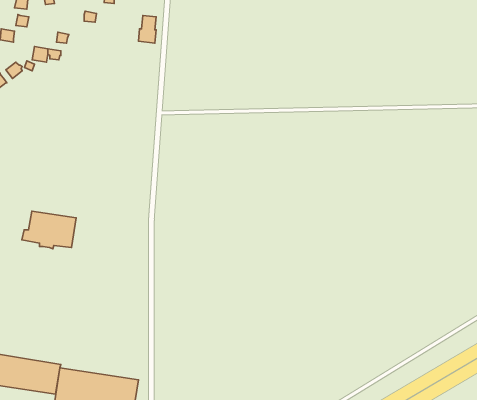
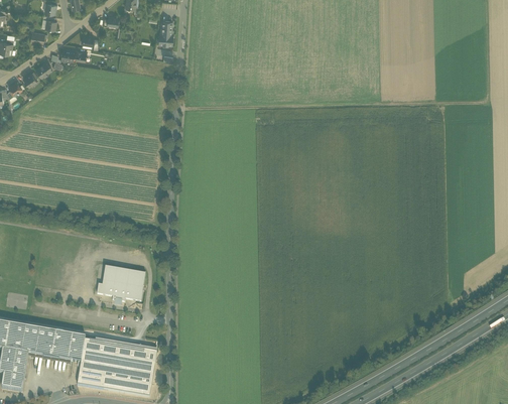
building: [22,211,76,249] -> [96,264,145,298]

